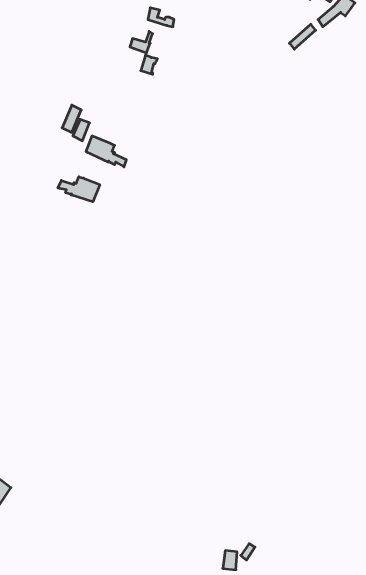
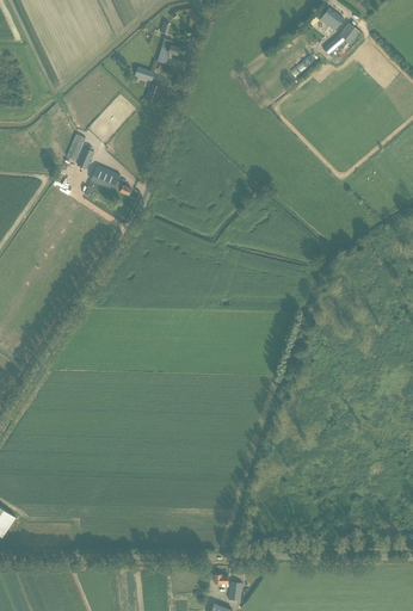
building: [58,177,100,202] -> none

